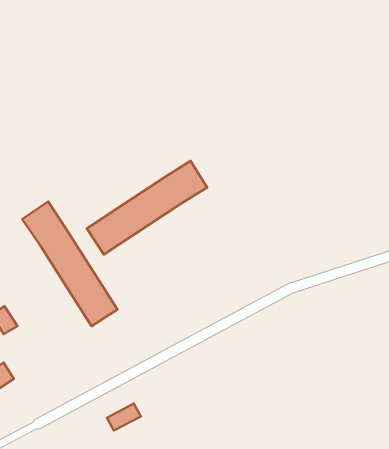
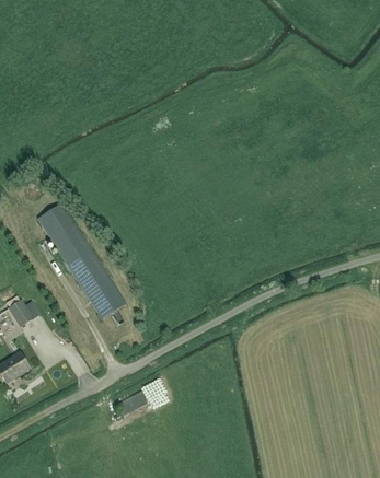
building: [87,161,207,255] -> none

